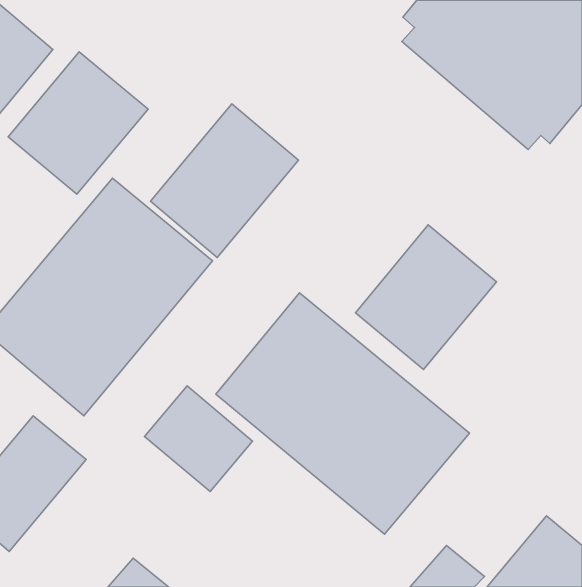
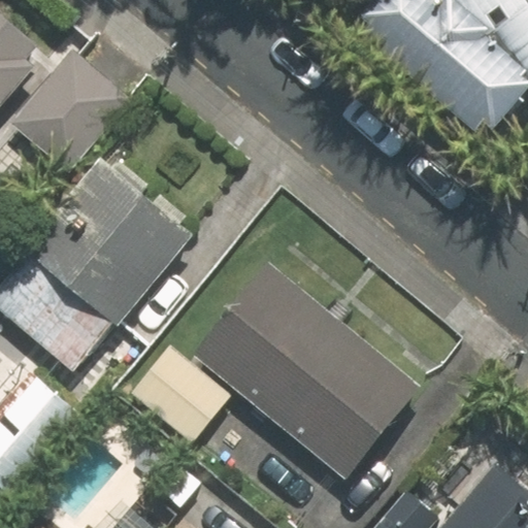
building: [150,104,299,258] -> none
building: [355,225,496,370] -> none

